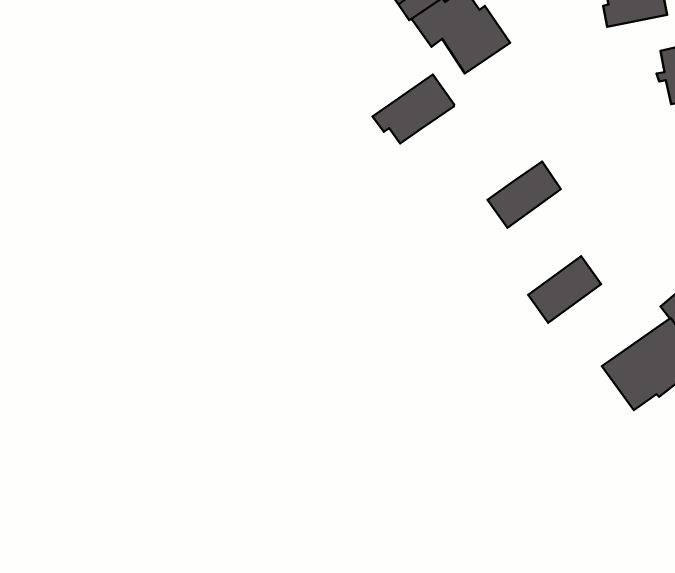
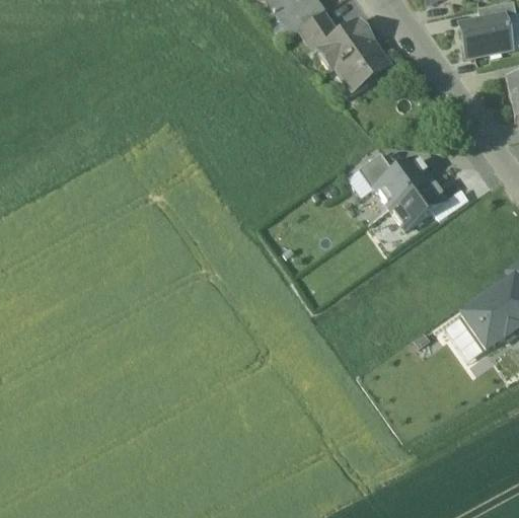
building: [373,74,454,144] -> none
building: none -> [358,152,395,190]
building: [528,256,601,323] -> [389,179,445,230]

